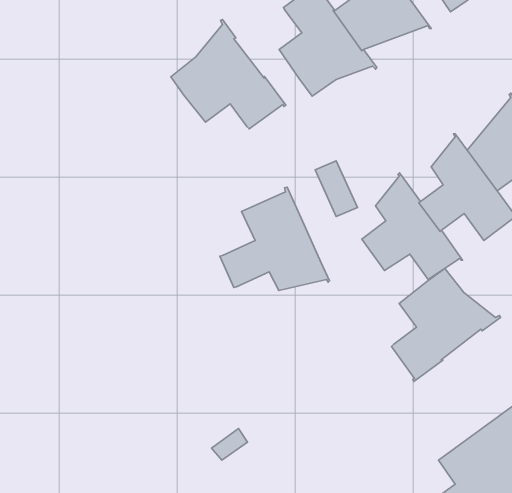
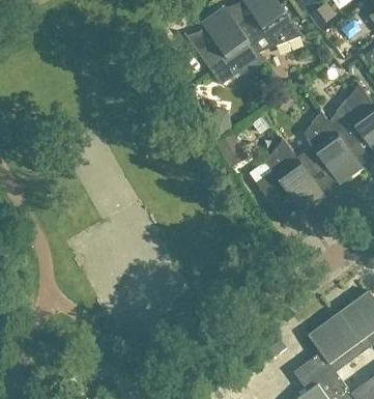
building: [171,19,286,129] -> none
building: [220,187,329,290] -> none
building: [391,268,500,382] -> none

